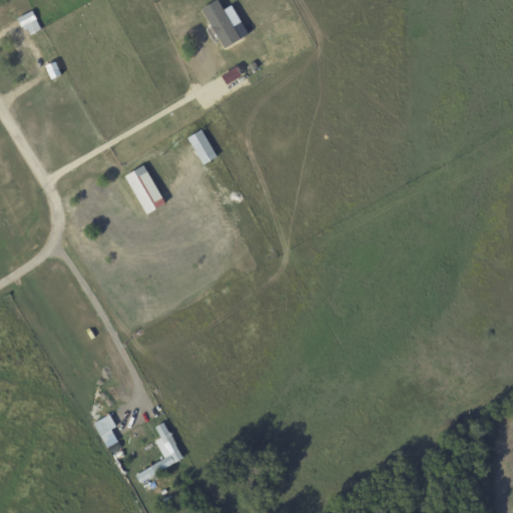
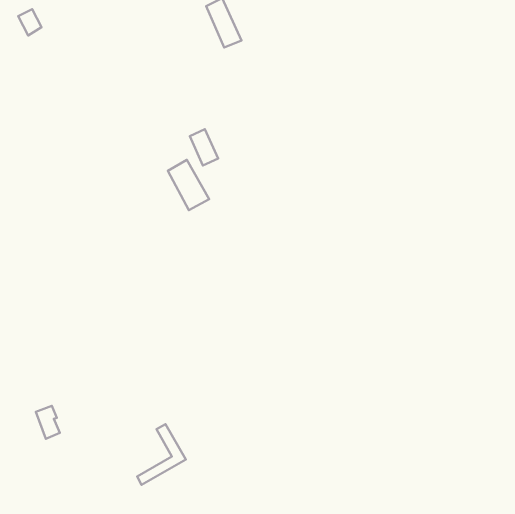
building: [125,164,166,214] -> [168,160,209,210]
building: [94,414,118,447] -> [36,406,60,439]

